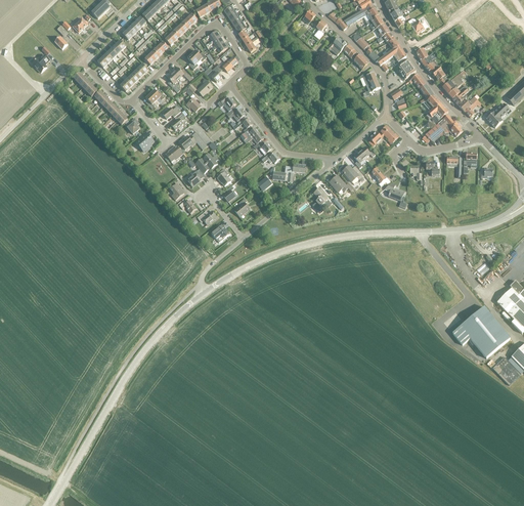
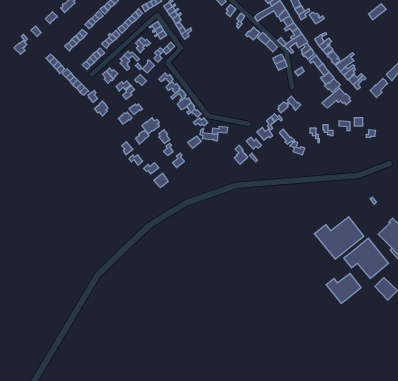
building: none -> [314,217,364,259]
building: none -> [326,273,361,304]

